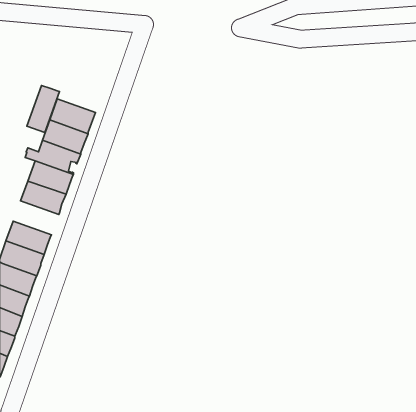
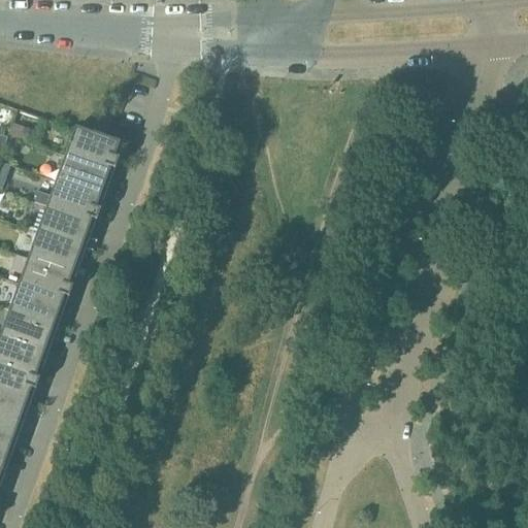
building: [27,85,60,132] -> none
building: none -> [16,254,74,297]

